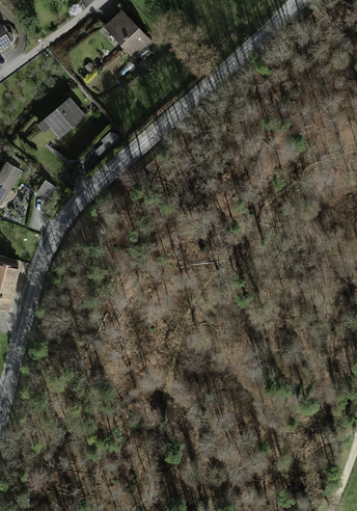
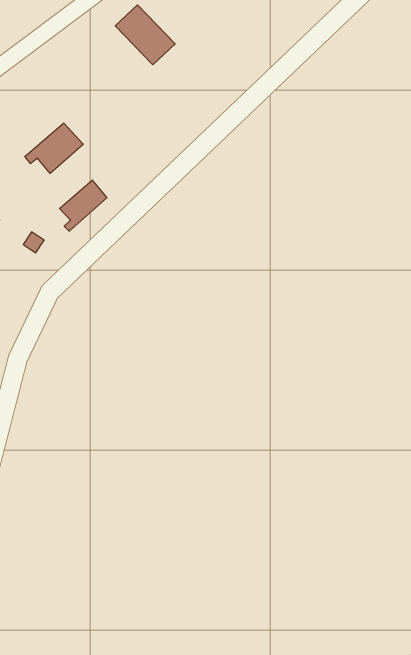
building: none -> [60,180,107,231]

